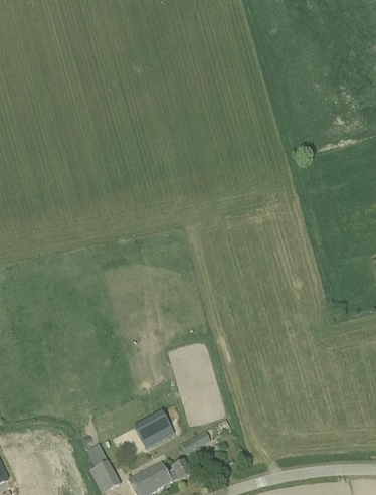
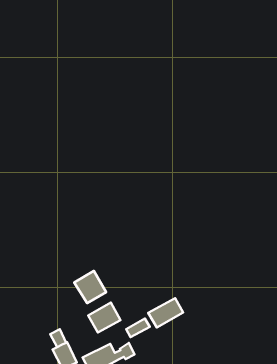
building: none -> [74,271,106,303]
building: none -> [148,298,183,328]

